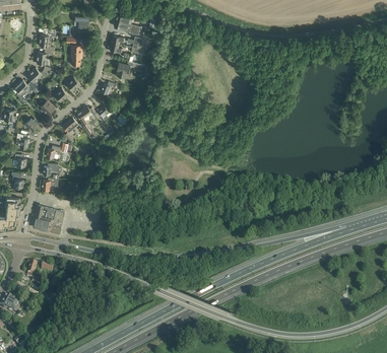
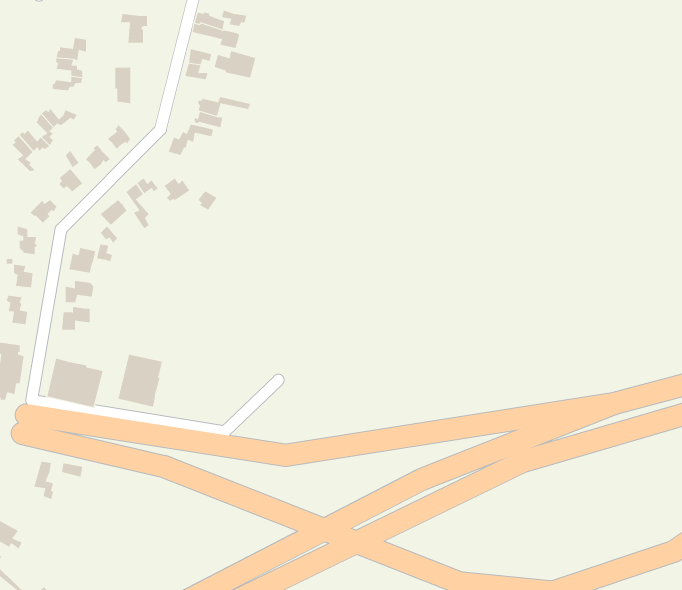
building: none -> [118,354,163,408]

